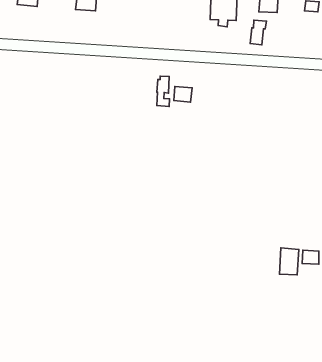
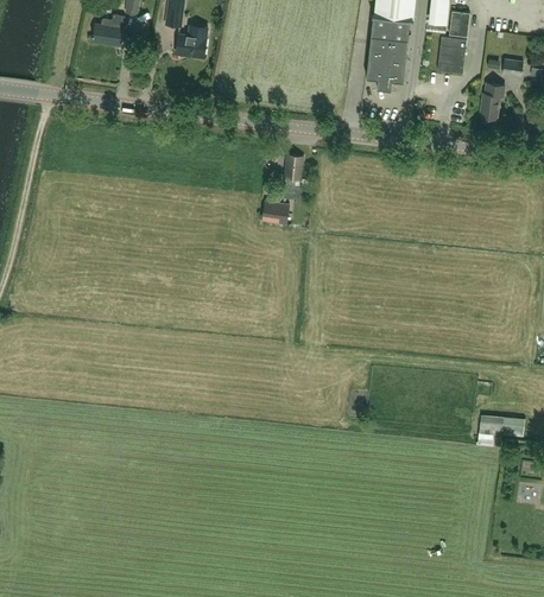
building: [250,20,266,45] -> [479,83,504,119]
building: [174,86,192,102] -> [261,201,289,224]
building: [280,248,299,275] -> none

